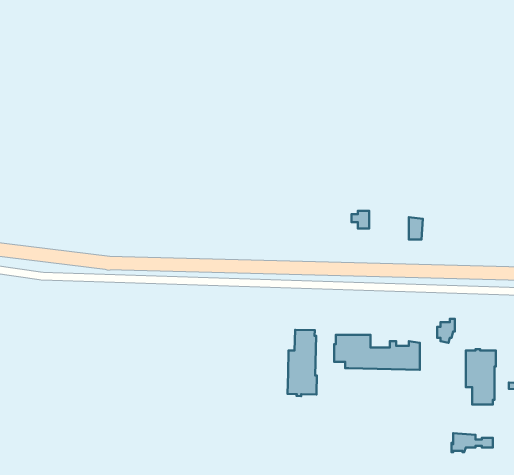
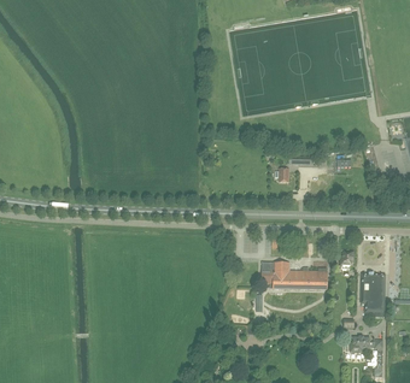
building: [288,330,317,396] -> none

